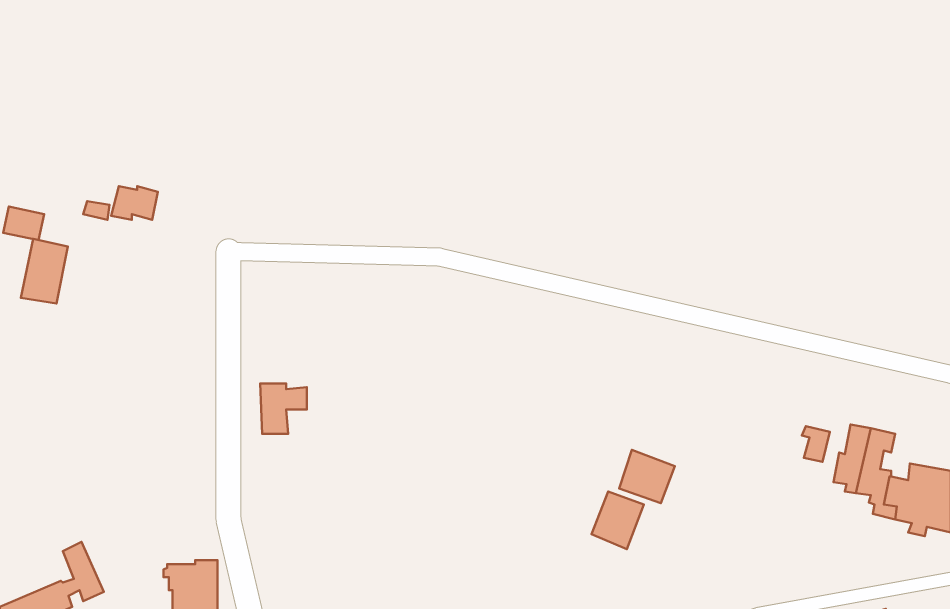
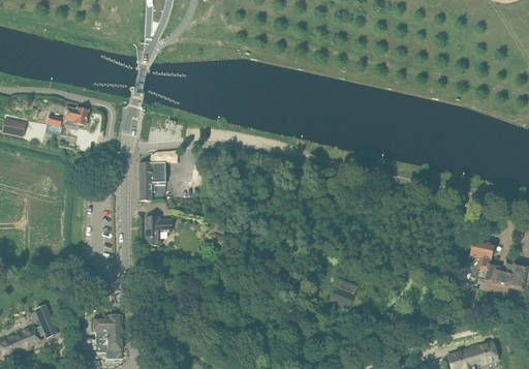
building: [21,239,68,303] -> none
building: none -> [138,156,165,201]
building: [619,450,675,503] -> none

